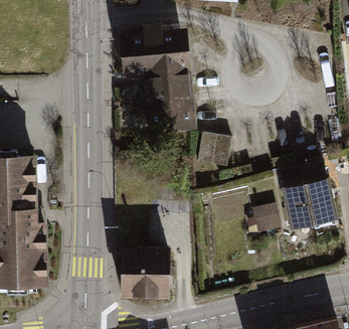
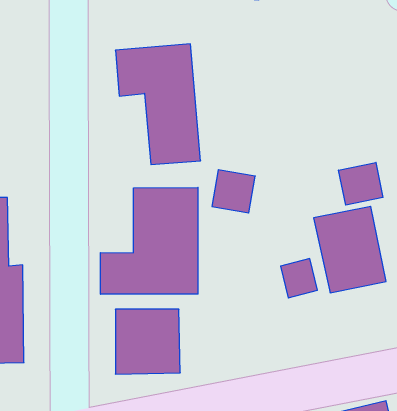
building: none -> [339,162,383,205]
building: none -> [100,187,198,294]

